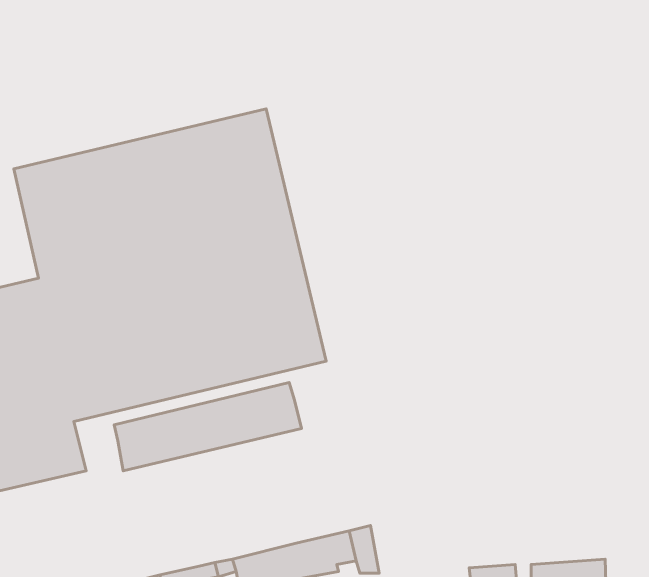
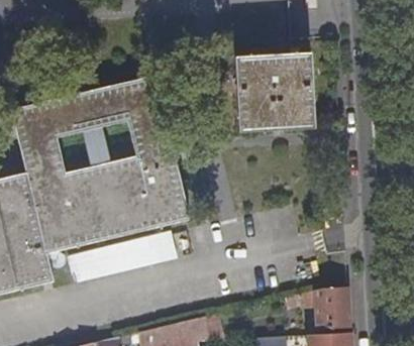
building: none -> [235,50,315,134]
building: none -> [314,286,350,329]

